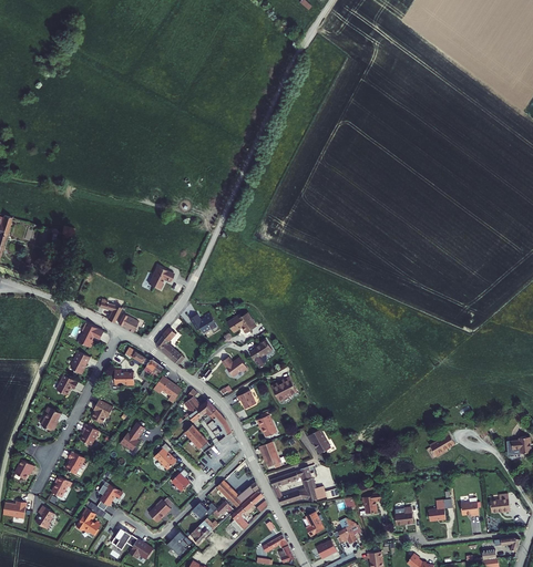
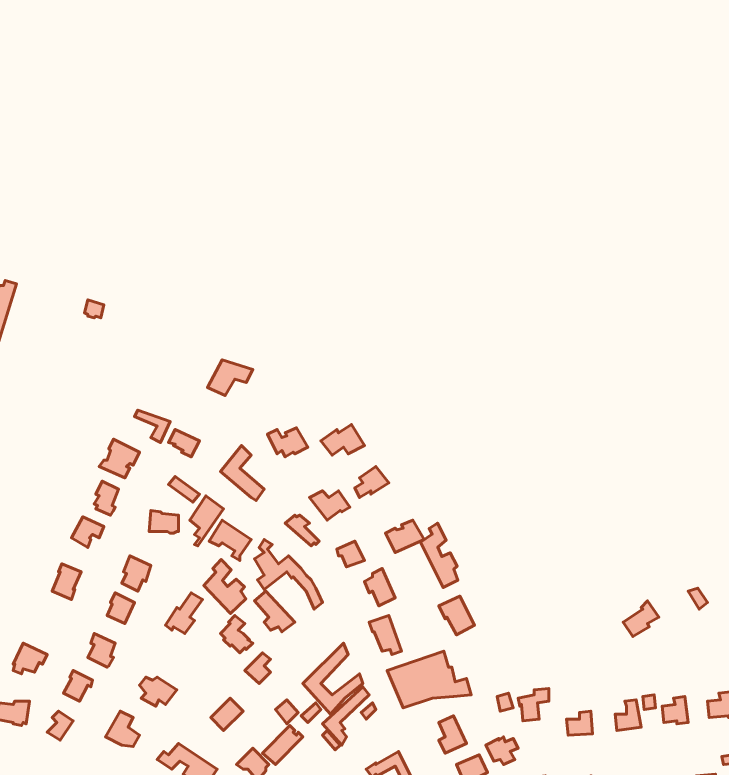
building: none -> [420,523,458,588]
building: none -> [204,559,246,613]

